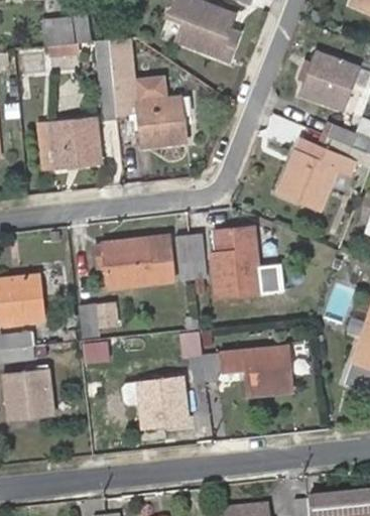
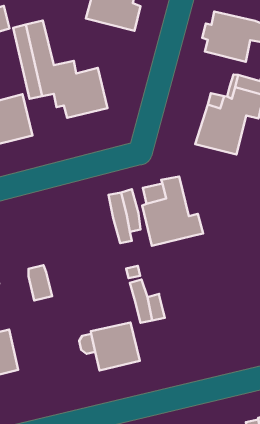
building: [103,237,174,287] -> none
building: [223,346,294,395] -> none

